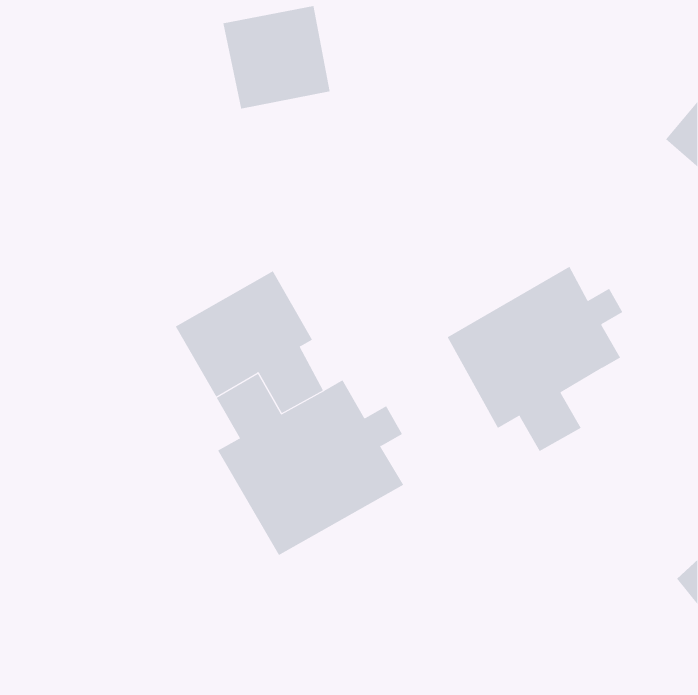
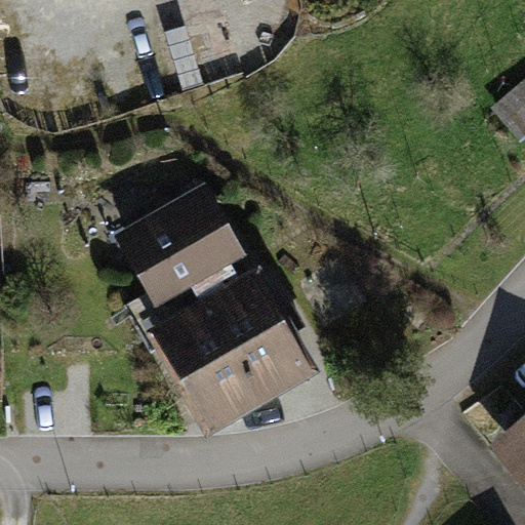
building: [447,266,623,452] -> none

